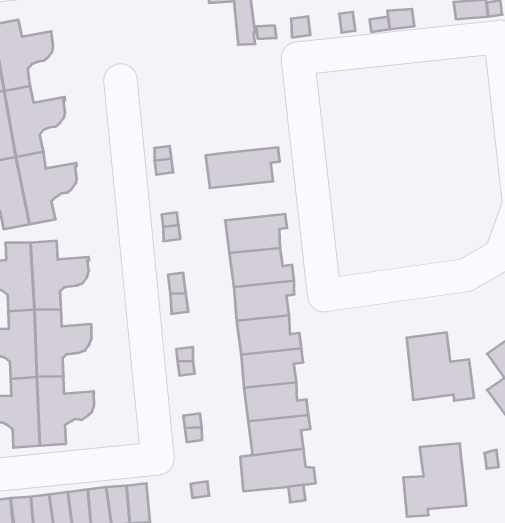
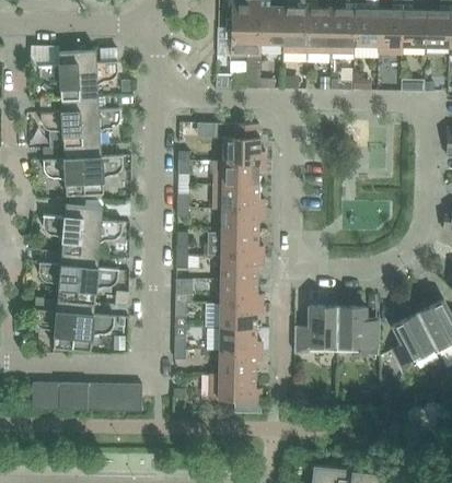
building: none -> [215,127,265,163]
building: none -> [212,185,265,210]
building: [403,443,466,516] -> [293,306,337,354]

